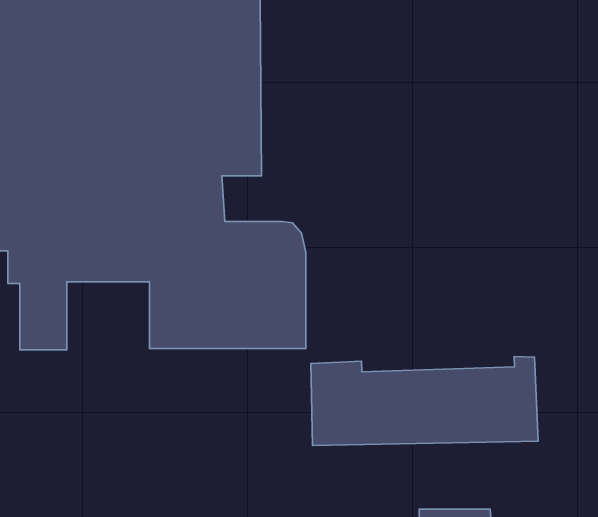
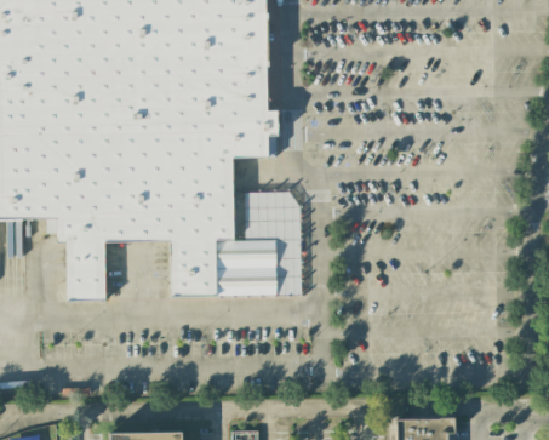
building: [311,356,538,446] -> none

